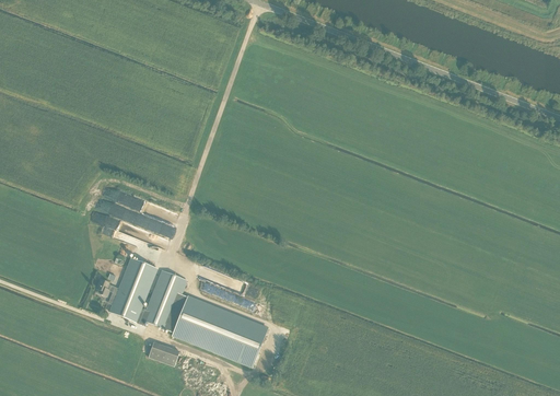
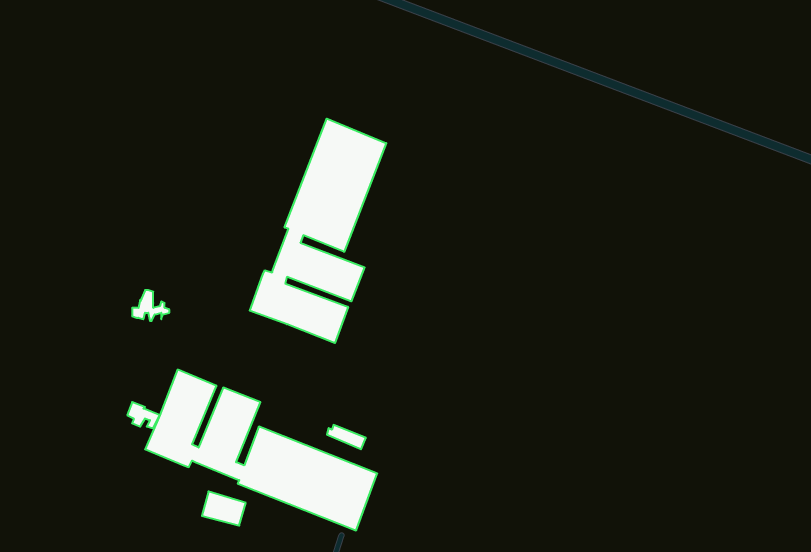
building: none -> [250,119,386,343]

